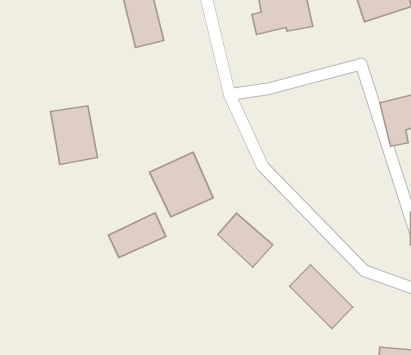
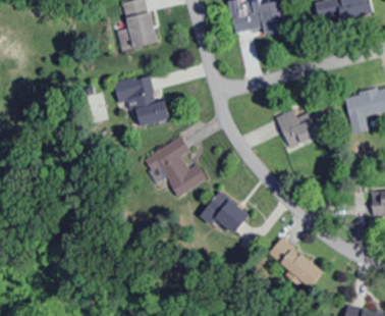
building: [50,106,97,164] -> [122,75,163,126]
building: none -> [276,106,333,148]
building: [109,213,166,258] -> none

